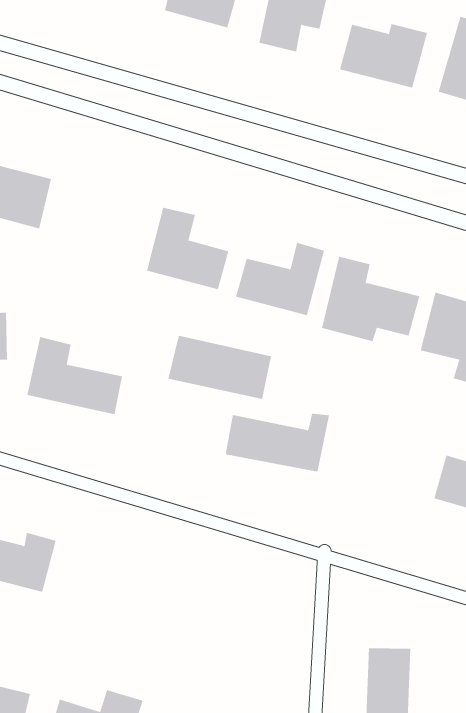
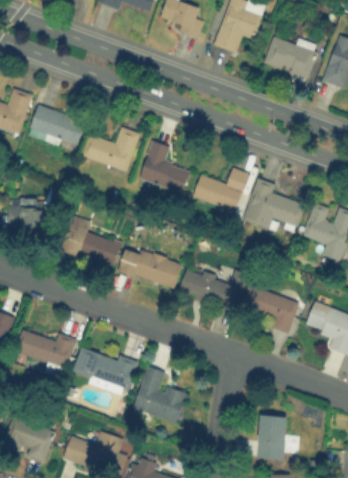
building: none -> [82,127,140,172]
building: [167,335,272,400] -> [118,246,182,288]
building: none -> [240,285,299,328]
building: none -> [72,348,137,394]
building: none -> [133,365,187,424]

